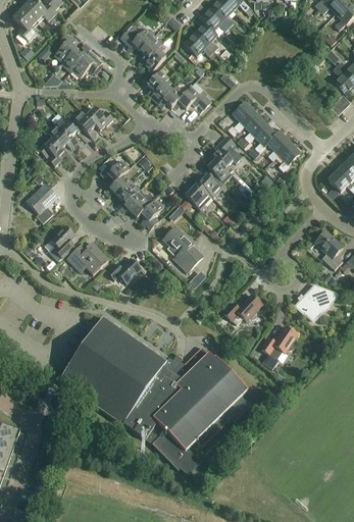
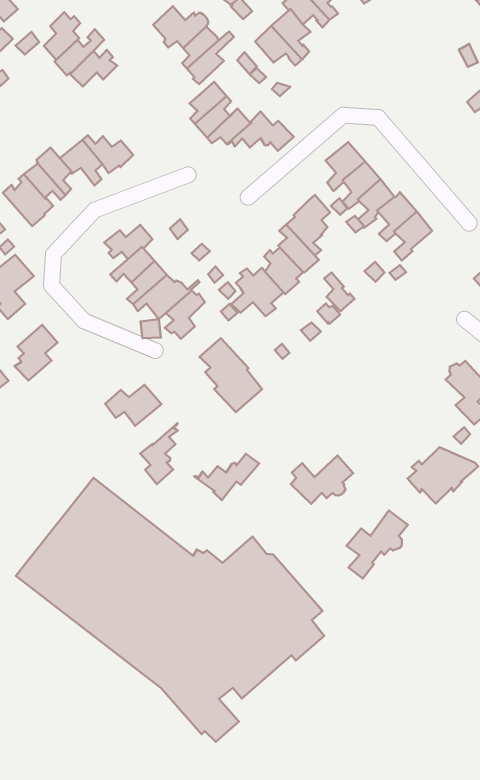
building: [66,242,108,274] -> none
building: none -> [140,423,178,484]
building: none -> [194,454,259,500]

